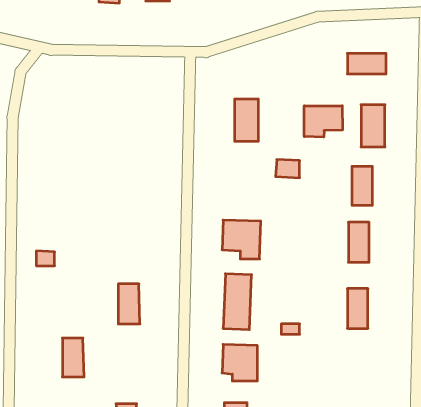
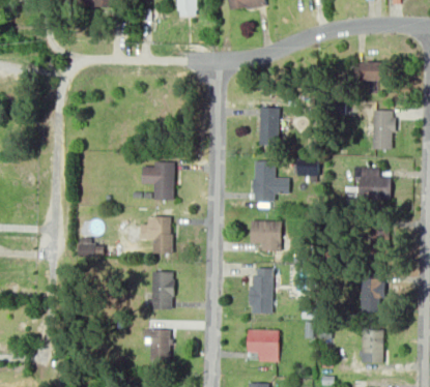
building: [304,106,342,137] -> none
building: none -> [138,160,173,202]
building: none -> [253,160,289,203]
building: none -> [140,217,175,259]
building: [62,338,84,377] -> [151,325,171,360]
building: none -> [362,330,383,369]

